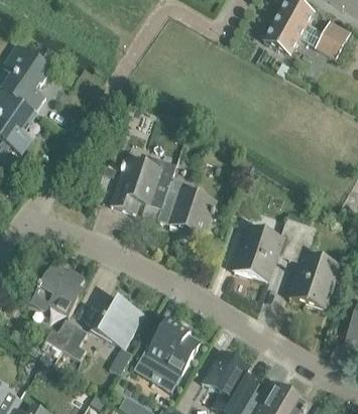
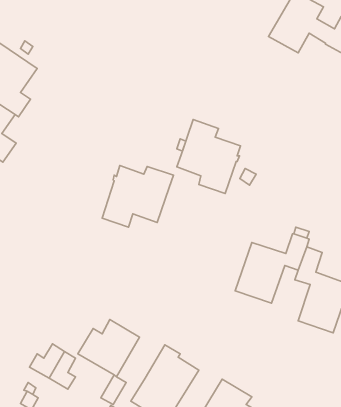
building: [157,175,216,243] -> [177,120,241,193]
building: [32,263,85,315] -> none

